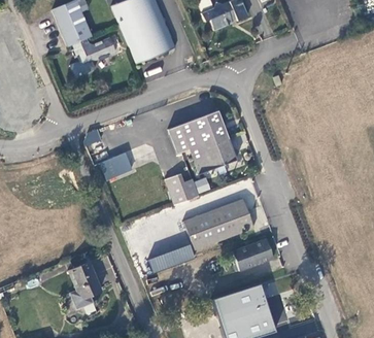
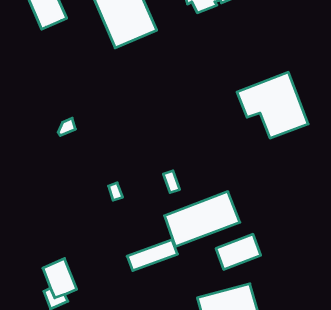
building: [70,36,116,76] -> none
building: [169,110,236,172] -> [237,72,308,138]
building: [100,151,132,179] -> none
building: [164,173,189,204] -> none

